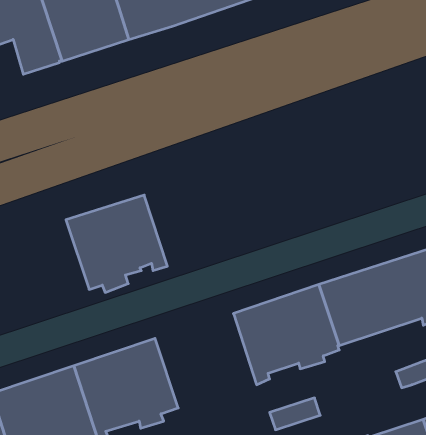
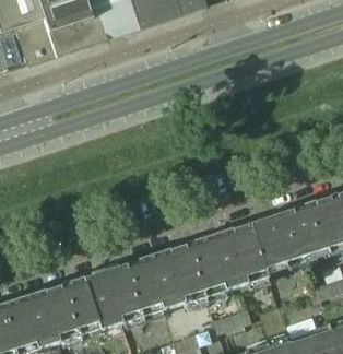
building: [66,195,167,292] -> [127,244,203,317]

